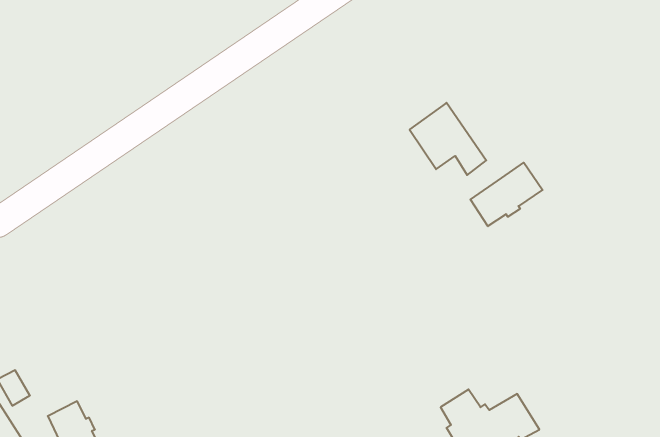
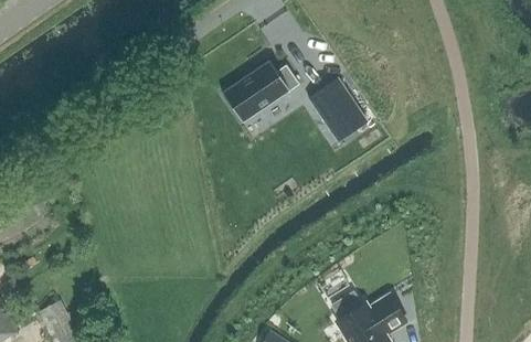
building: none -> [221,61,299,124]
building: [470,163,543,226] -> none

